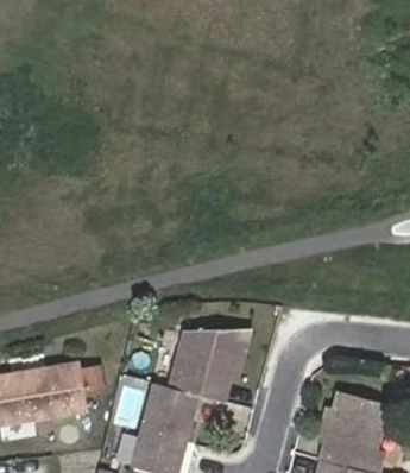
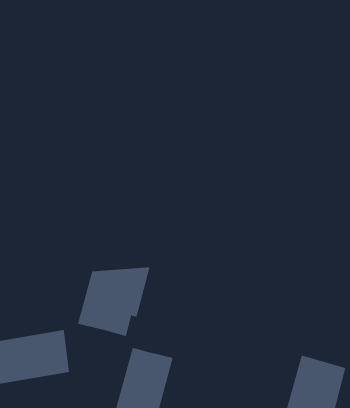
building: [171,326,251,402] -> [77,267,150,337]

